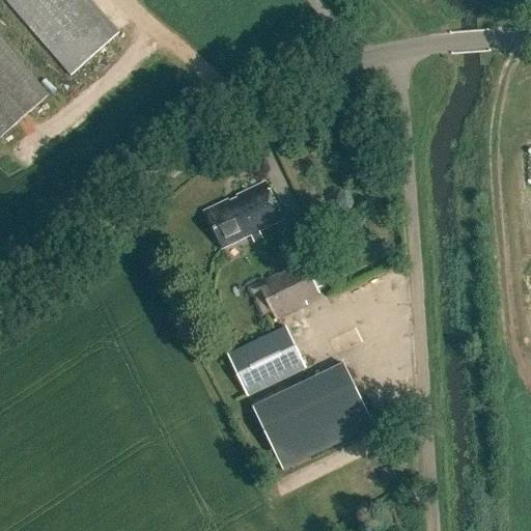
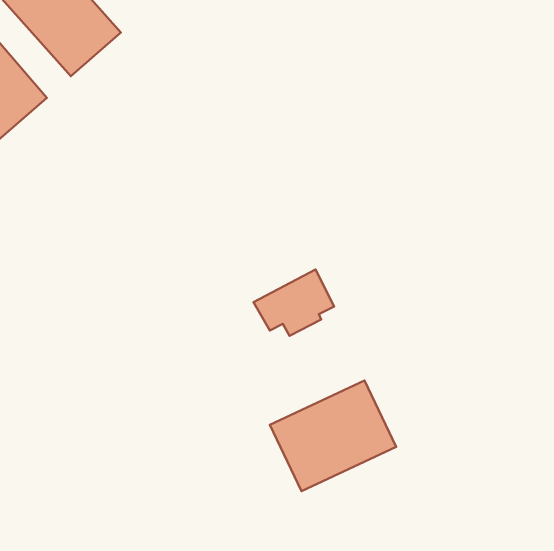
building: [205,180,281,246] -> none
building: [229,327,307,394] -> none

